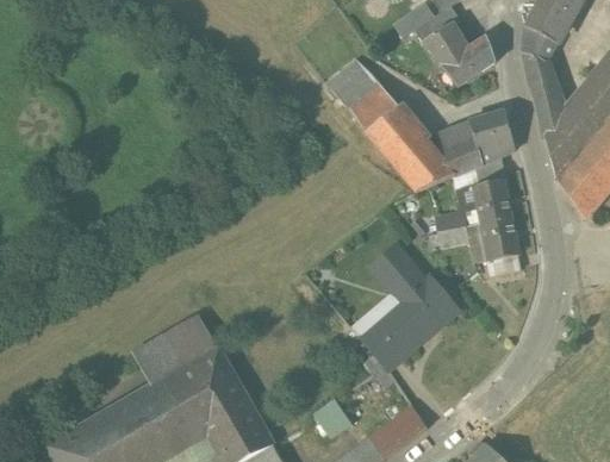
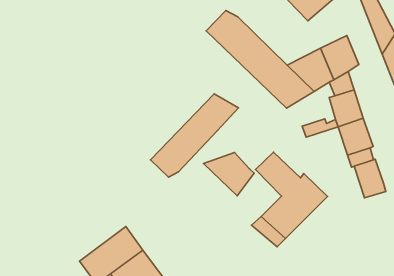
building: none -> [150,94,239,177]
building: none -> [204,153,254,196]
building: none -> [354,159,386,198]

